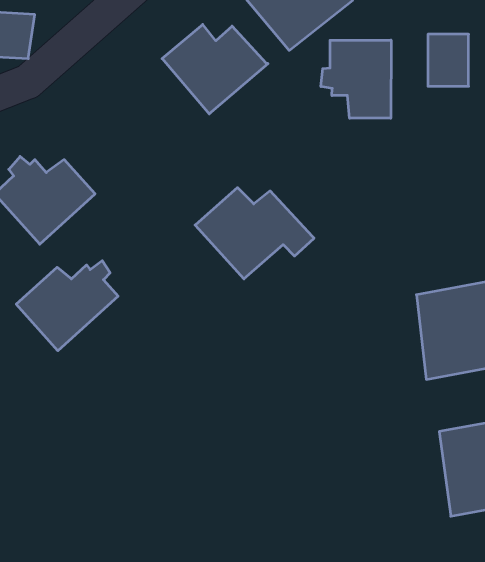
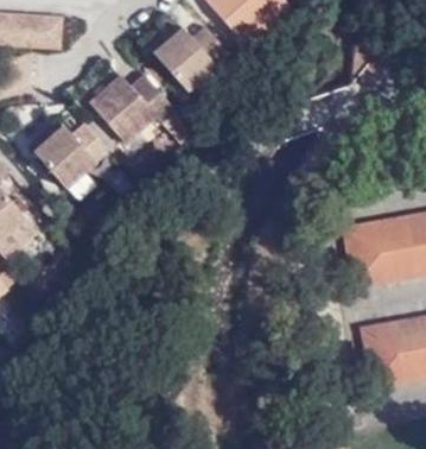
building: [321,40,391,118] -> none
building: [195,188,314,279] -> [91,76,178,143]
building: [16,261,118,351] -> none

